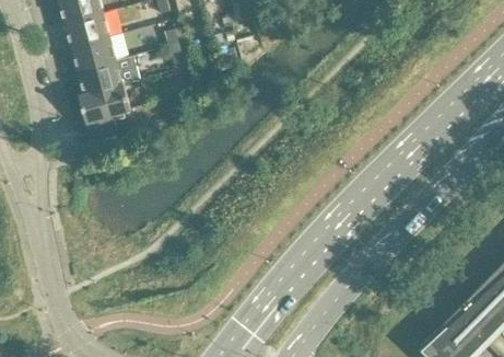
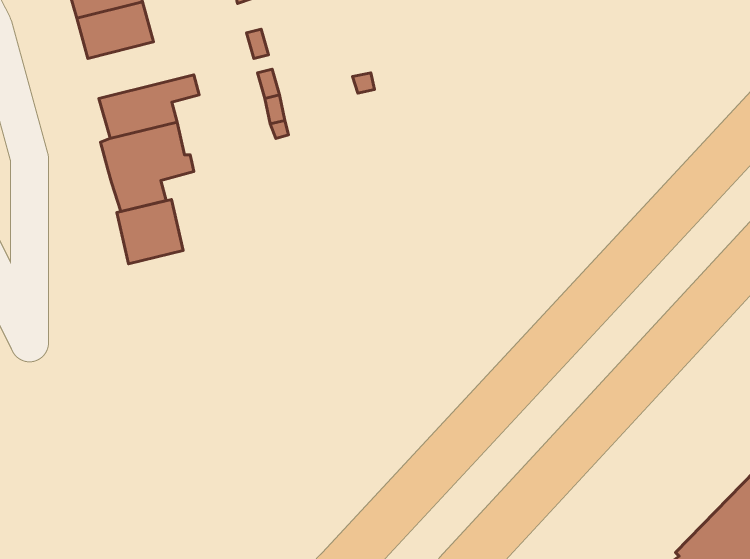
building: [70,36,116,70] -> none
building: none -> [117,199,183,264]

